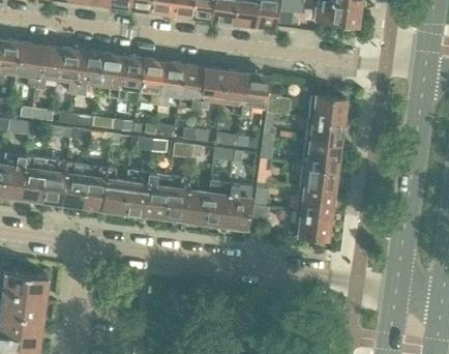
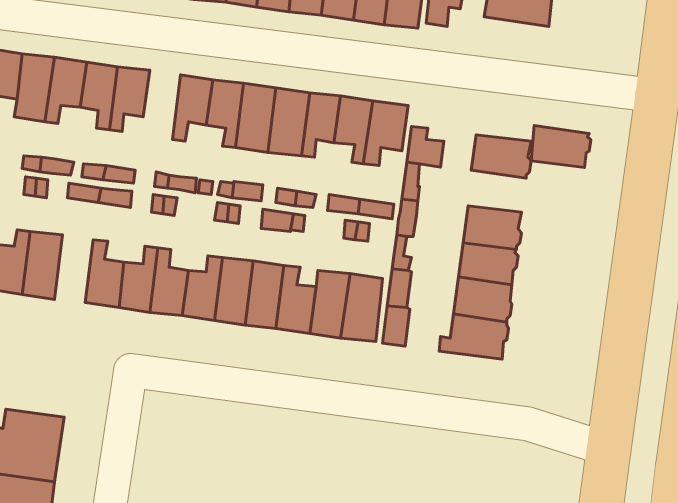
building: [98,54,122,98] -> none
building: [306,118,345,145] -> [531,125,591,167]
building: [41,159,66,203] -> none

